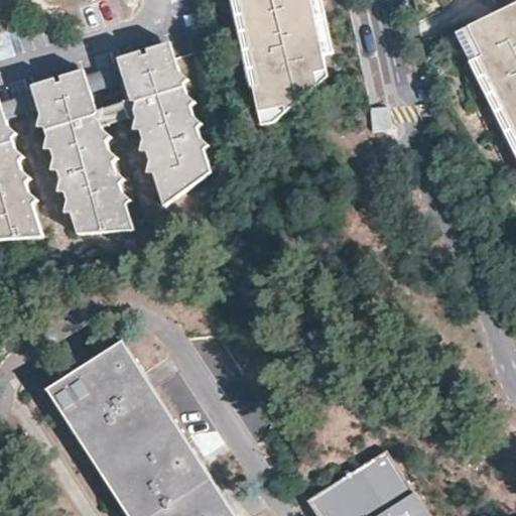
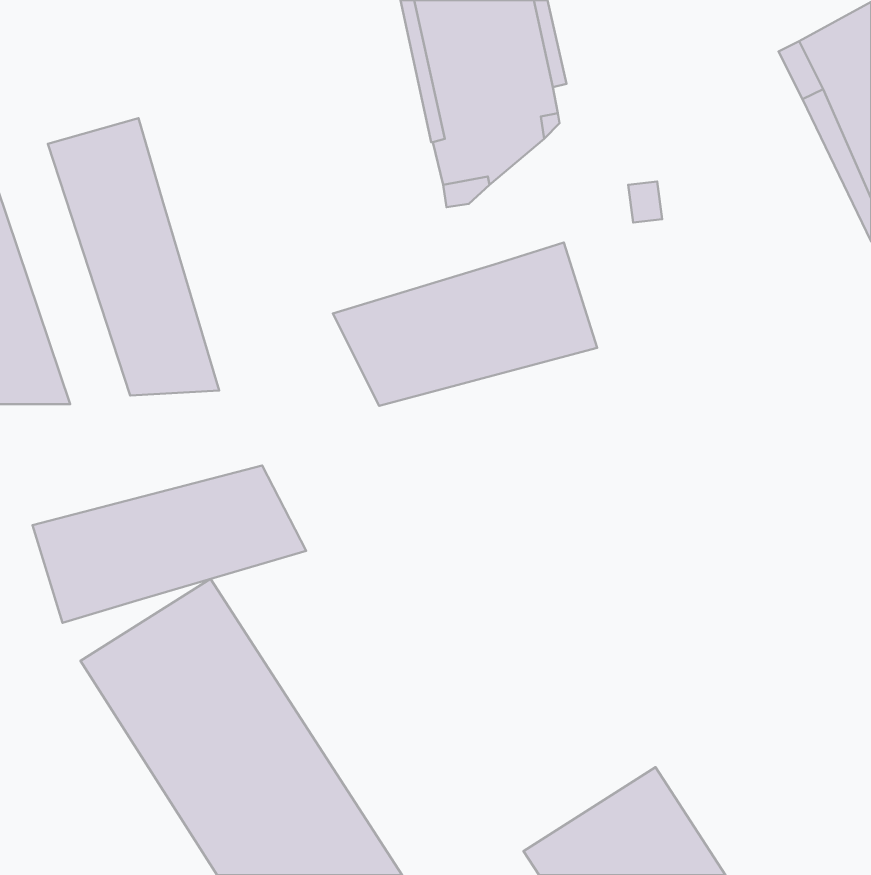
building: [116,42,207,206] -> none
building: none -> [333,243,597,406]
building: none -> [33,466,306,623]

